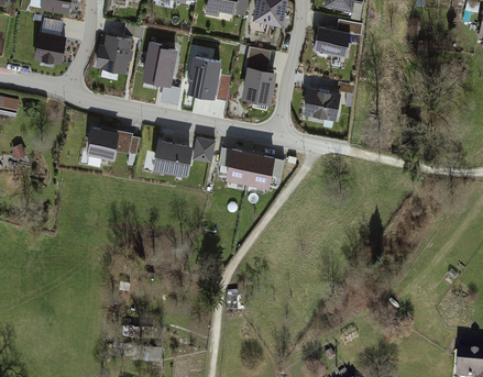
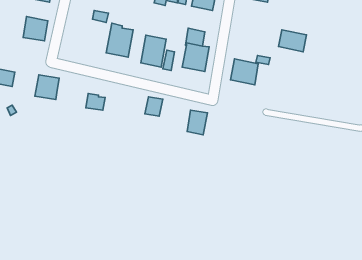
building: [315,25,351,54] -> [278,30,306,52]
building: [96,34,133,73] -> none
building: [87,126,119,158] -> [35,75,59,99]
building: [152,136,193,174] -> none
building: [228,148,252,180] -> none

